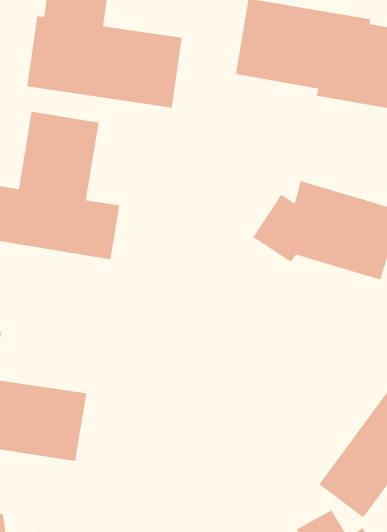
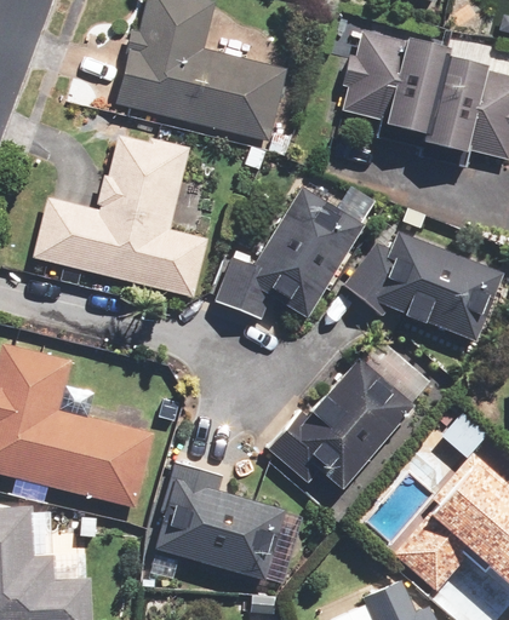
building: none -> [215,185,365,320]
building: none -> [268,357,413,487]
building: none -> [155,460,287,578]

